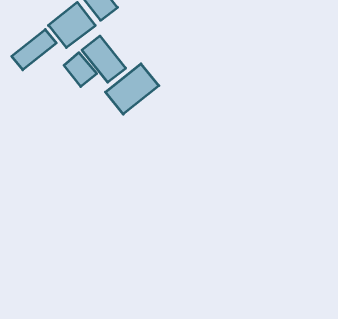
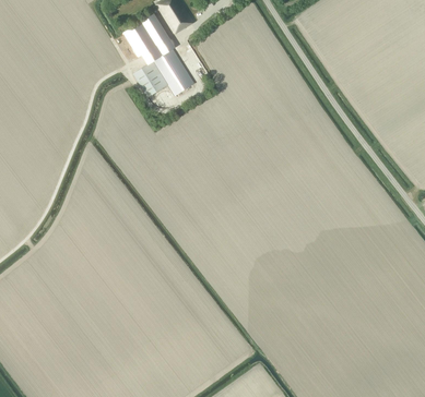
building: [12,29,56,70] -> none
building: [105,64,159,114] -> none

